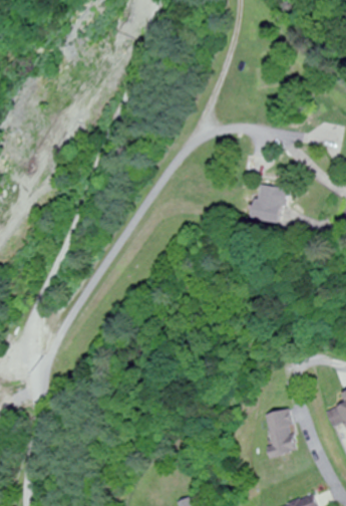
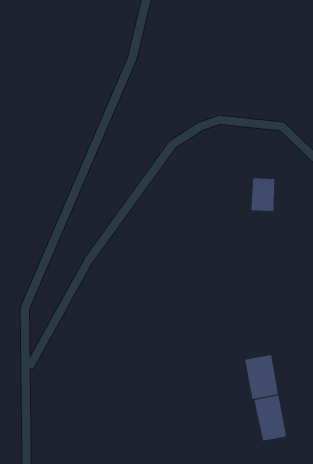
building: none -> [244,354,278,400]

